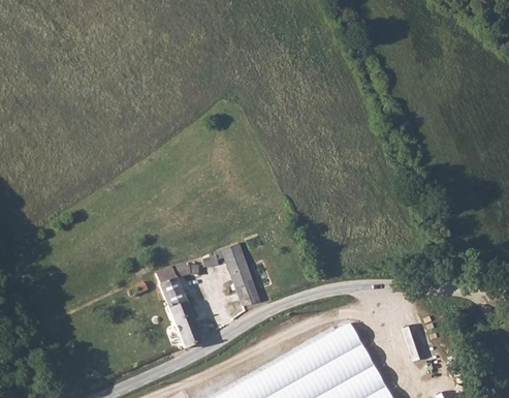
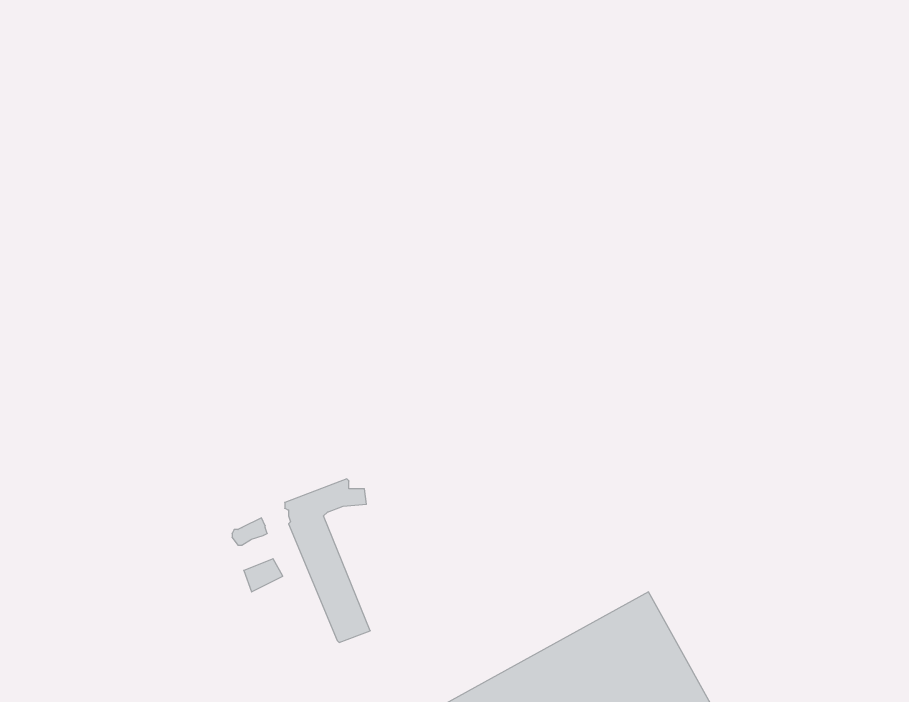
building: [203,244,260,308] -> none

